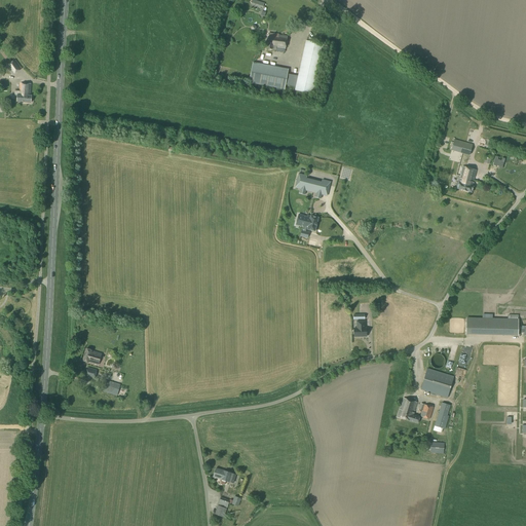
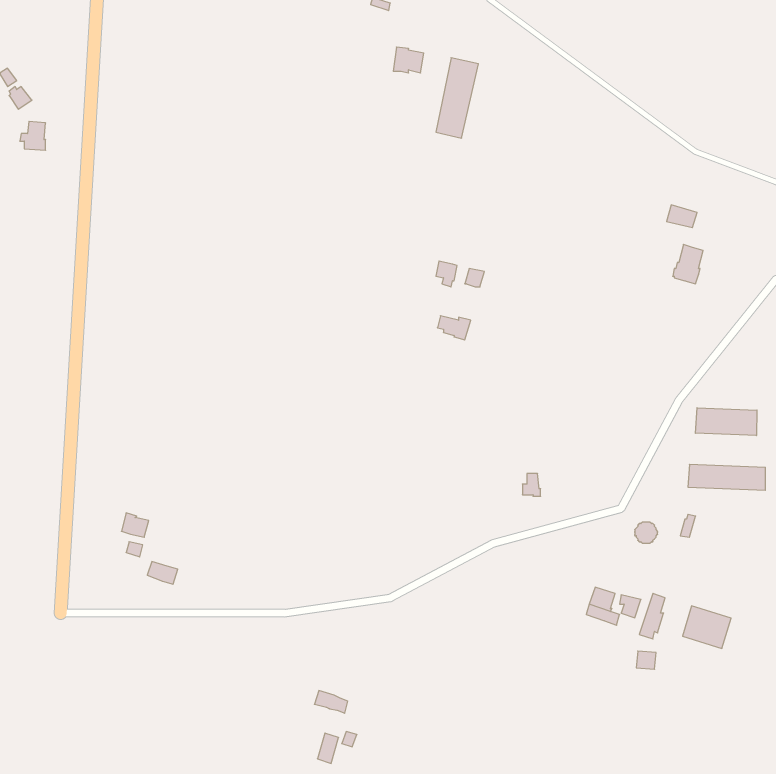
building: [249,62,288,88] -> none
building: none -> [695,408,757,436]
building: [420,368,453,397] -> [683,606,731,648]

